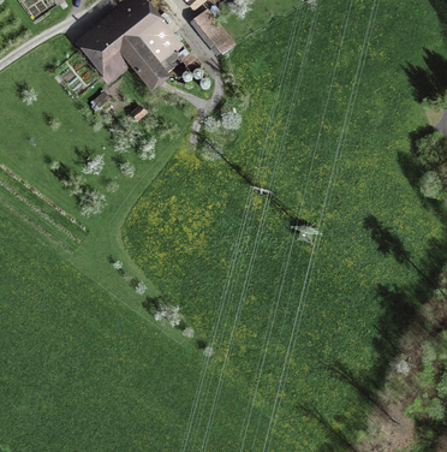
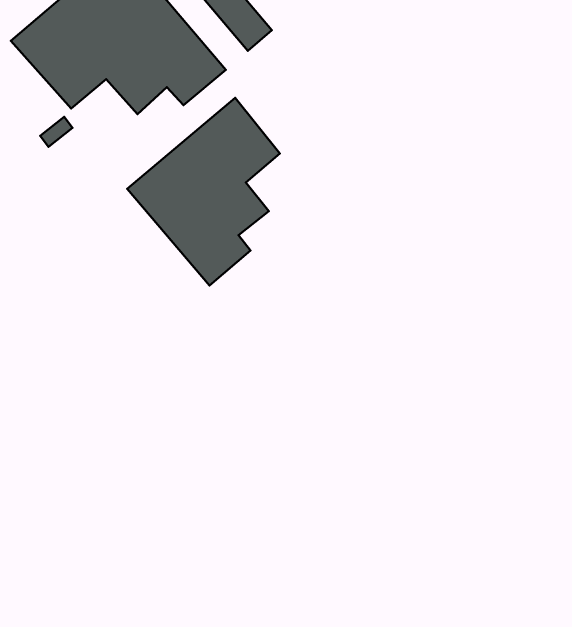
building: none -> [127,98,280,286]

